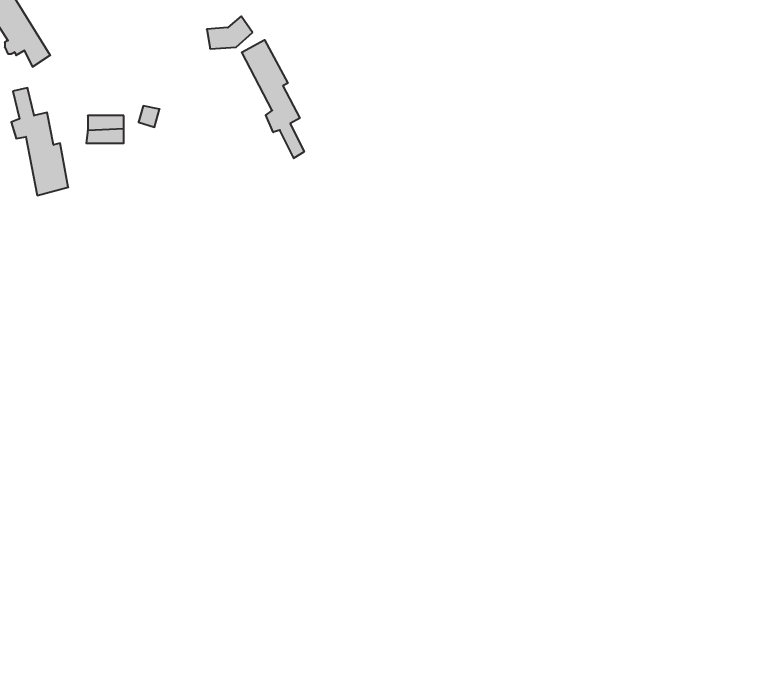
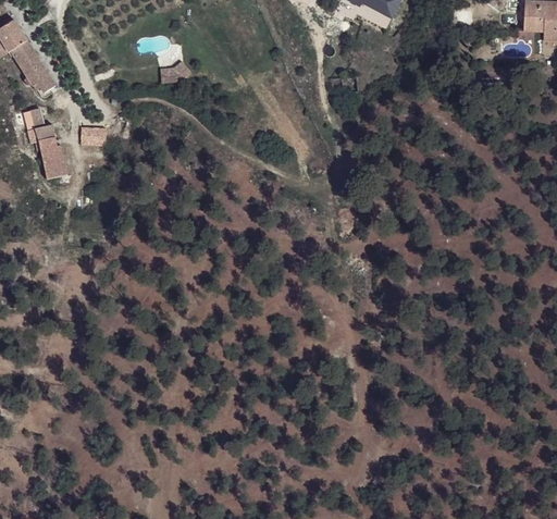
building: [242,40,304,158] -> none

